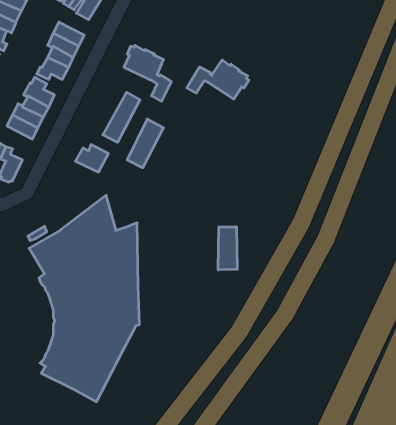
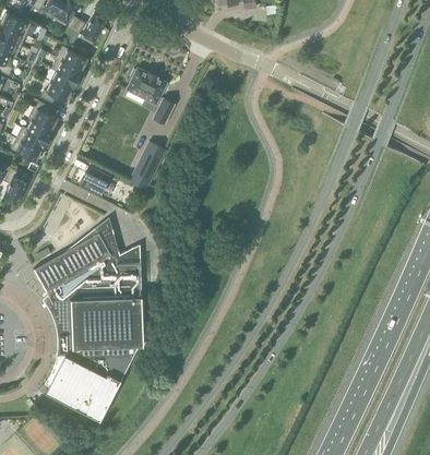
building: [187,60,249,99] -> none
building: [103,92,140,142] -> none
building: [218,227,237,270] -> none

